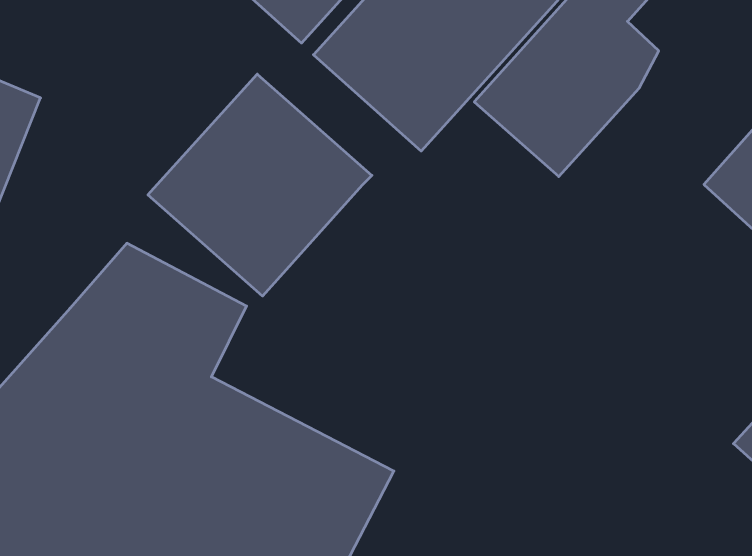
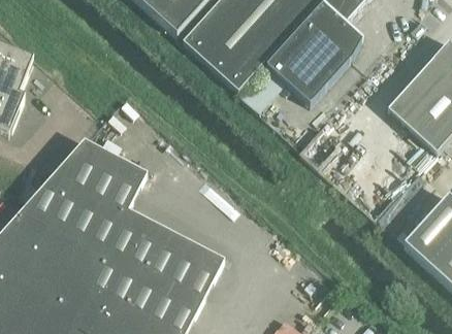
building: [148,74,372,296] -> none

